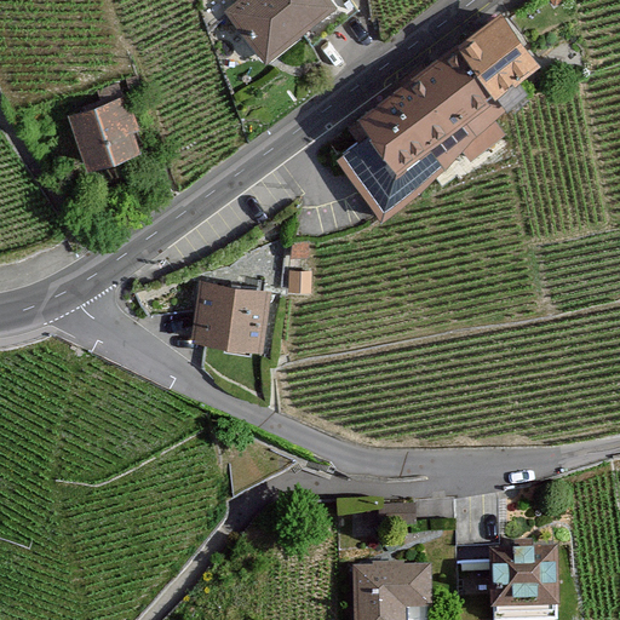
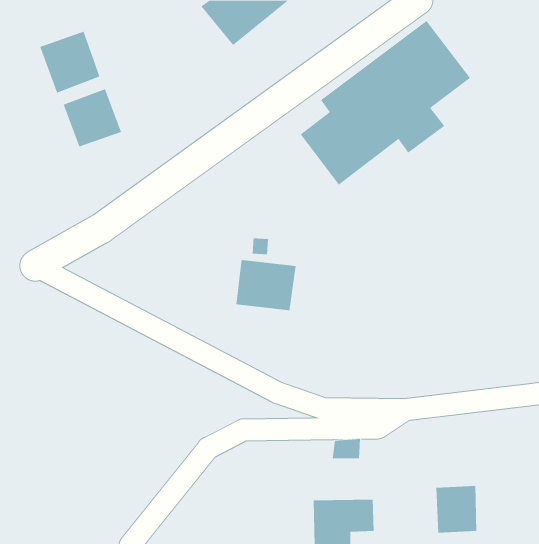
building: none -> [39,31,100,93]
building: [194,285,263,343] -> [236,260,296,311]

